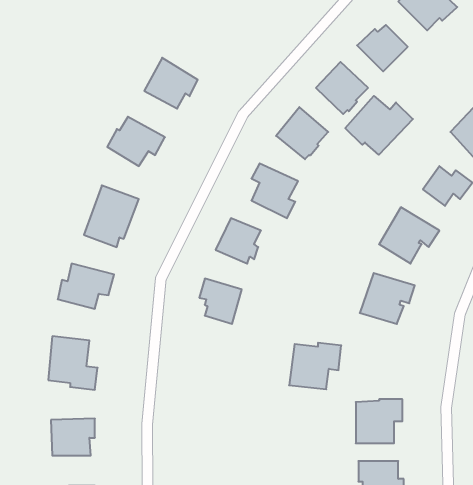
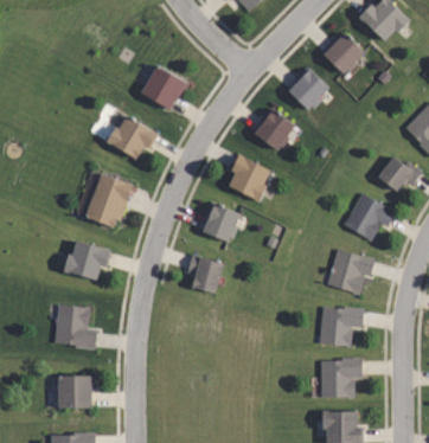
building: [345,96,413,155] -> none
building: [289,343,341,389] -> [319,306,364,346]

